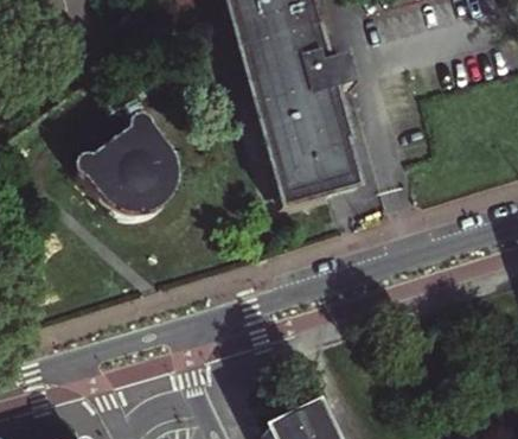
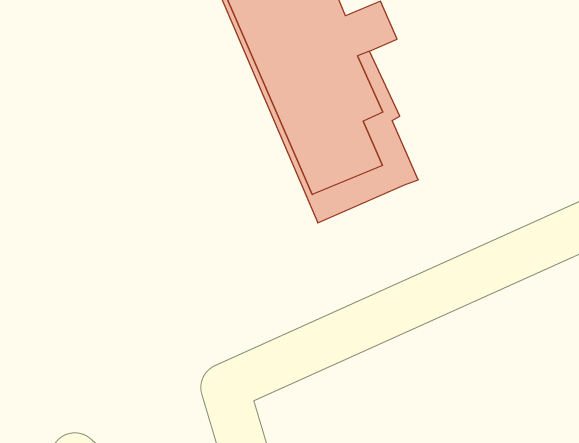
building: [66,108,175,218] -> none

